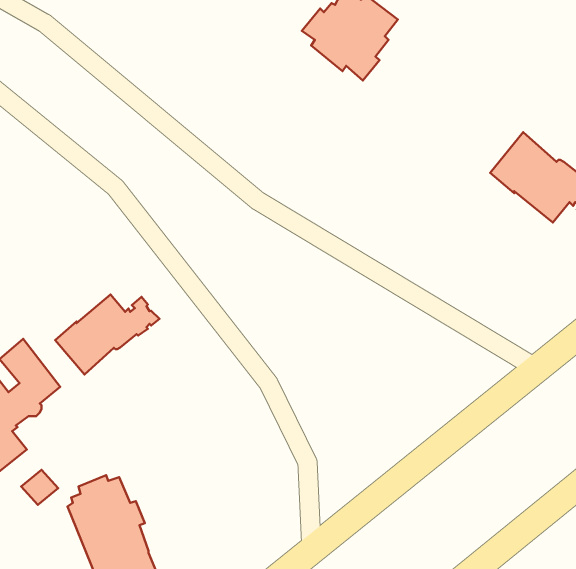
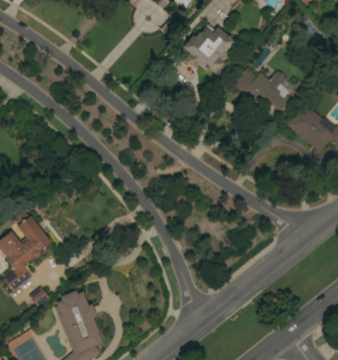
building: none -> [233,69,291,111]
building: [55,295,159,374] -> none

